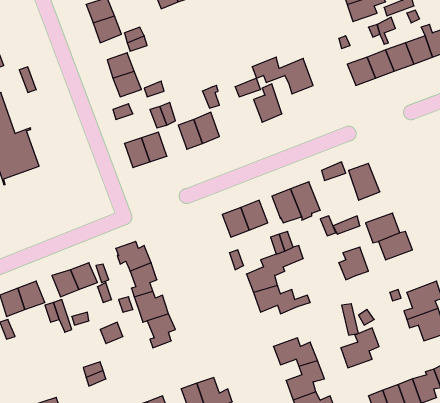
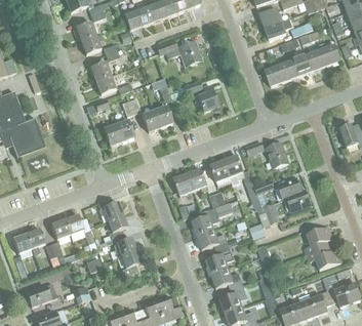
building: [252,57,313,94] -> [156,39,200,66]
building: [341,328,379,368] -> [205,245,233,274]
building: none -> [26,282,56,305]

